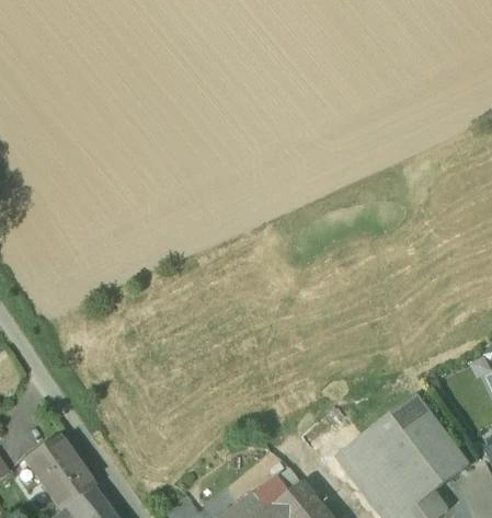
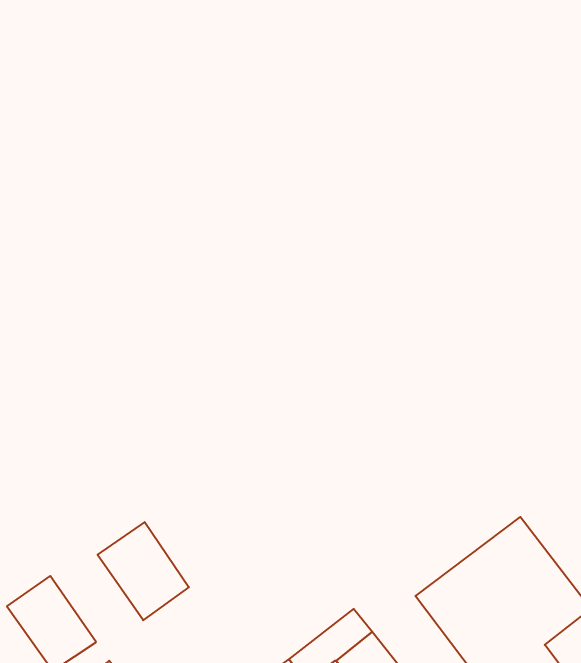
building: none -> [98,522,189,620]

